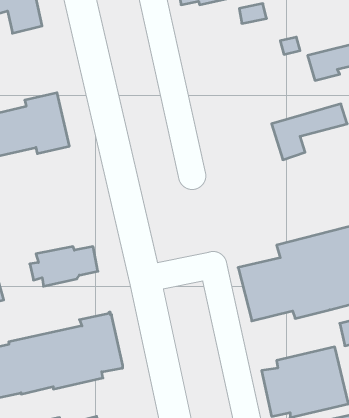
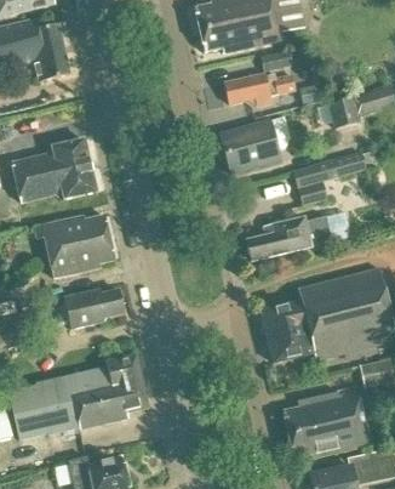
building: none -> [224,73,294,104]
building: none -> [221,115,291,172]
building: none -> [34,215,114,277]
building: none -> [246,215,332,260]

